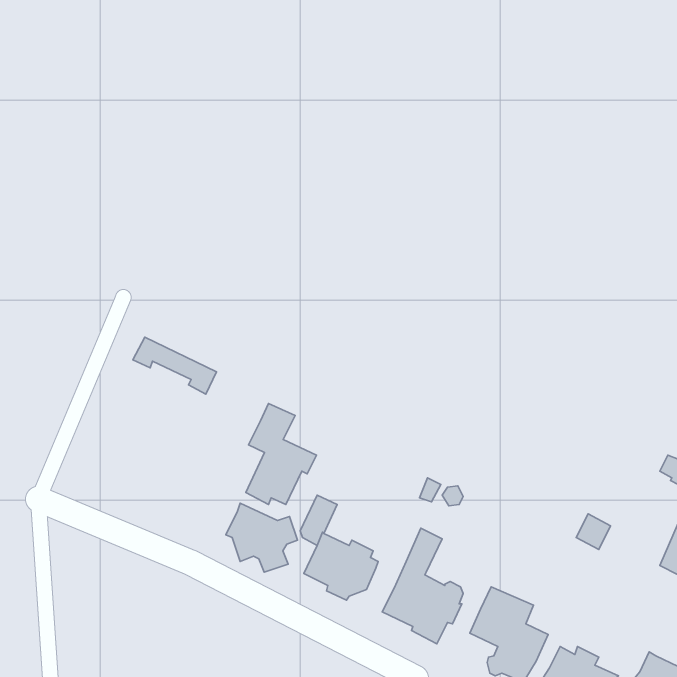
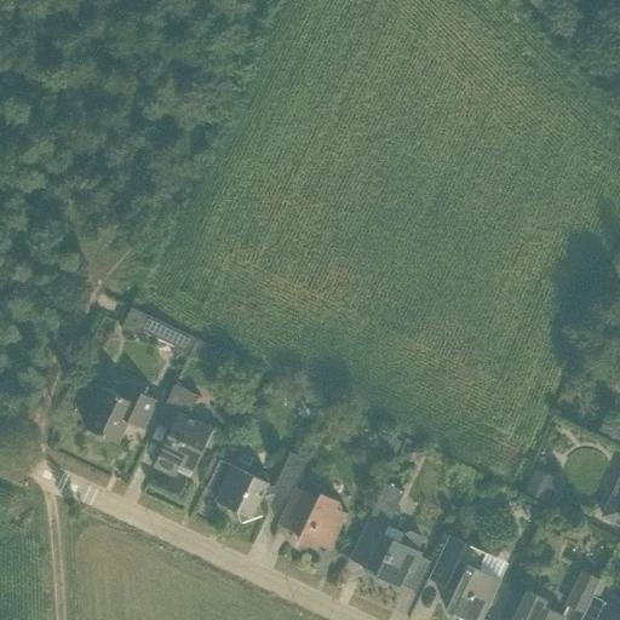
building: [246,404,316,504] -> [155,385,219,477]
building: none -> [86,386,157,444]
building: none -> [567,572,601,614]

